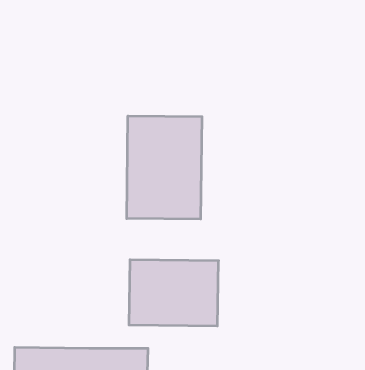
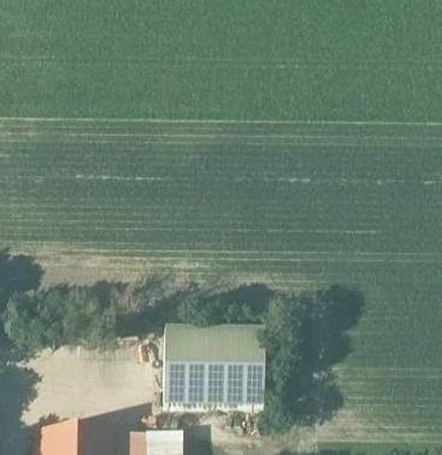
building: [127,116,202,219] -> none

